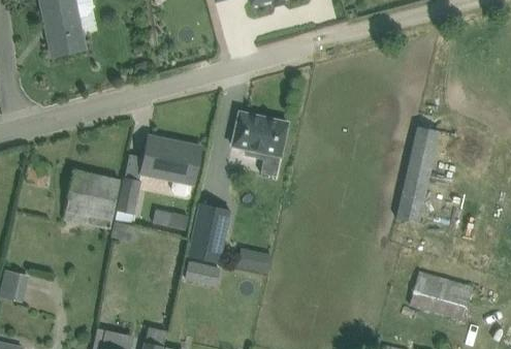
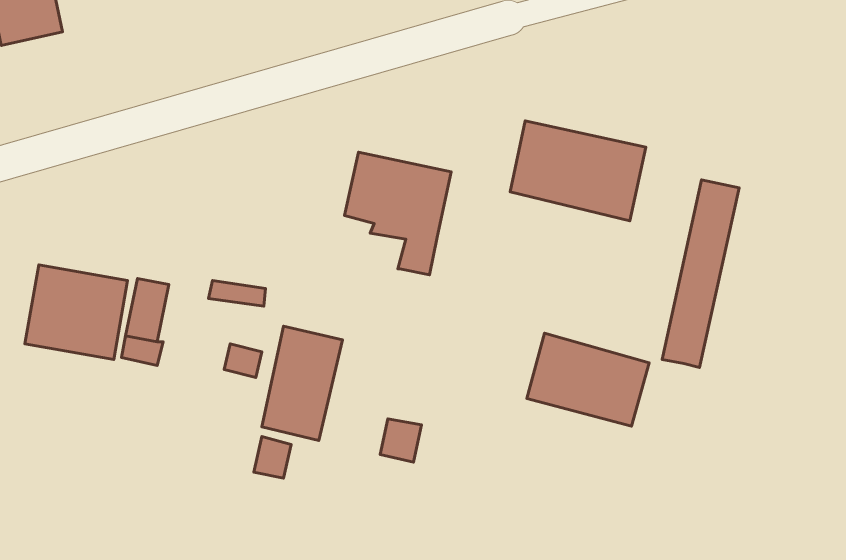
building: none -> [510,121,646,221]
building: [140,136,200,181] -> none
building: [409,269,473,318] -> [527,333,649,426]

